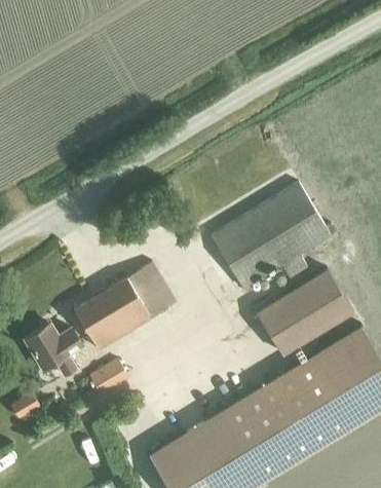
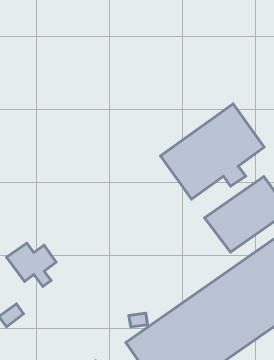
building: [73,263,176,350] -> none
building: [88,359,127,393] -> none

